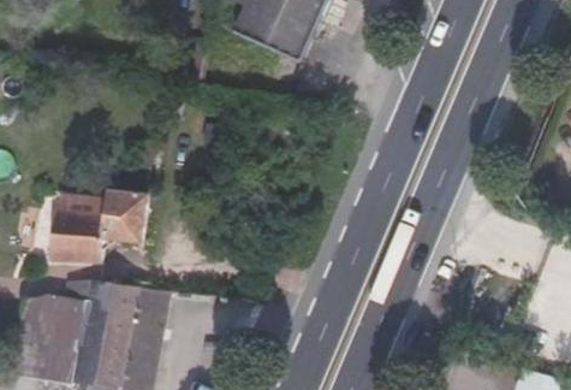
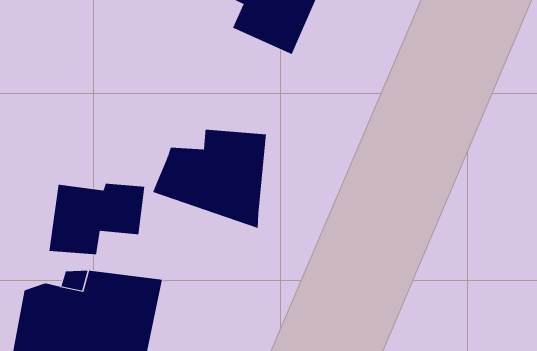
building: none -> [153,129,266,229]

